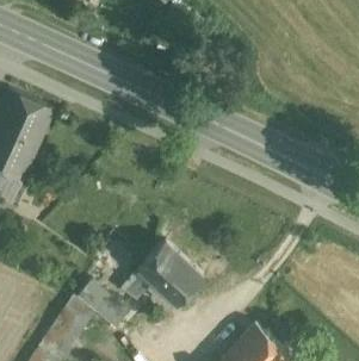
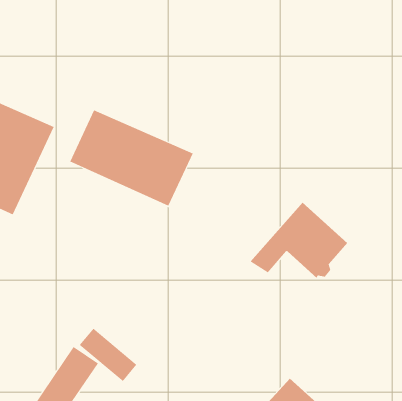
building: none -> [70,109,194,207]
building: [118,242,200,306] -> [250,202,348,279]

